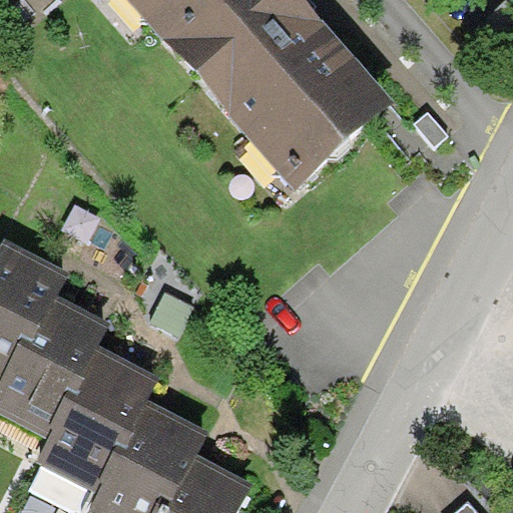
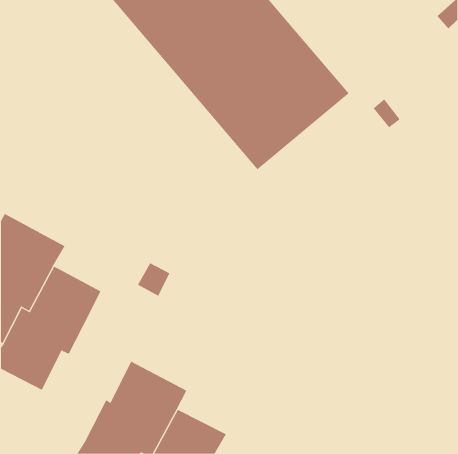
building: [35,348,160,492] -> none

